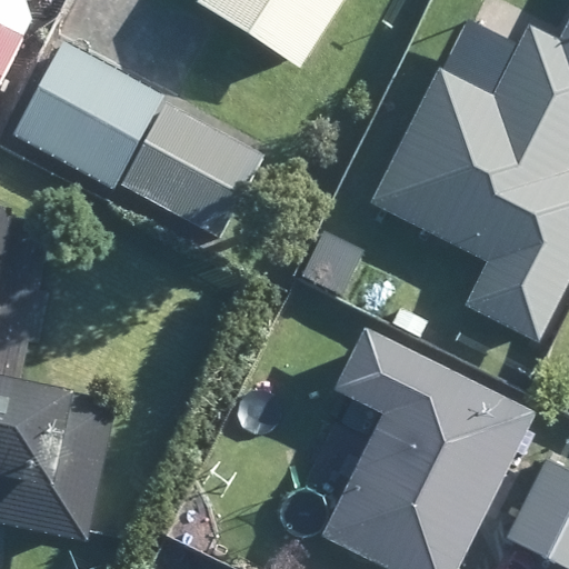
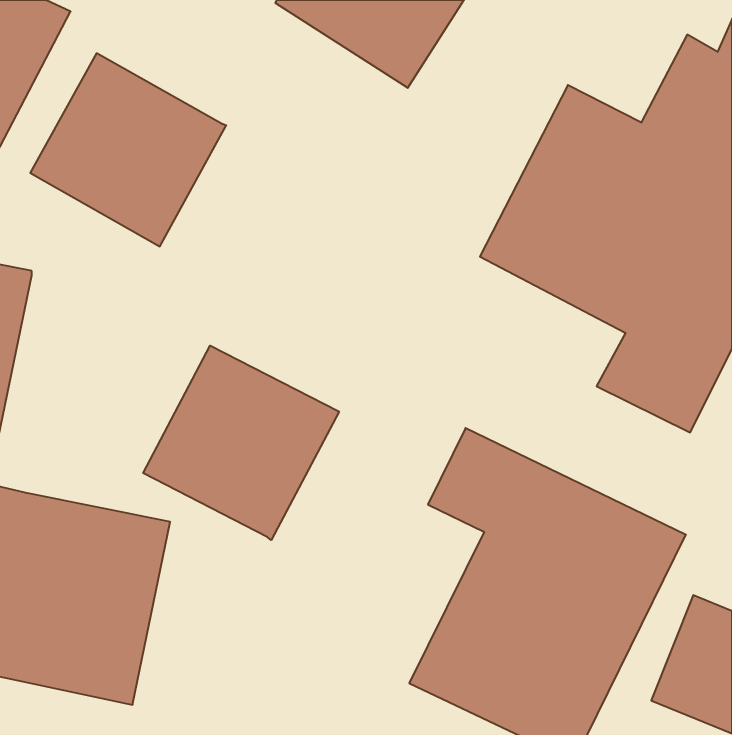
building: [131,104,274,240] -> none
building: none -> [143,346,339,540]

